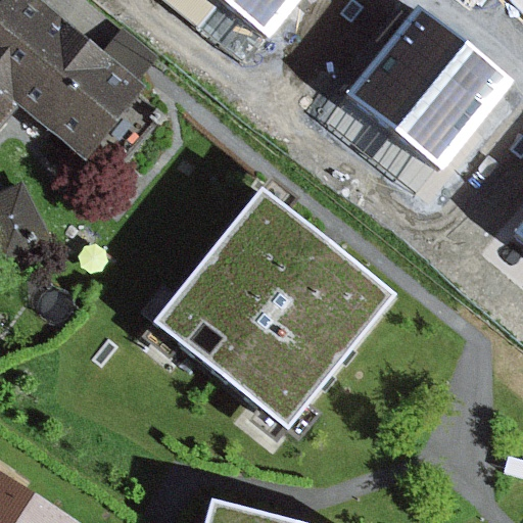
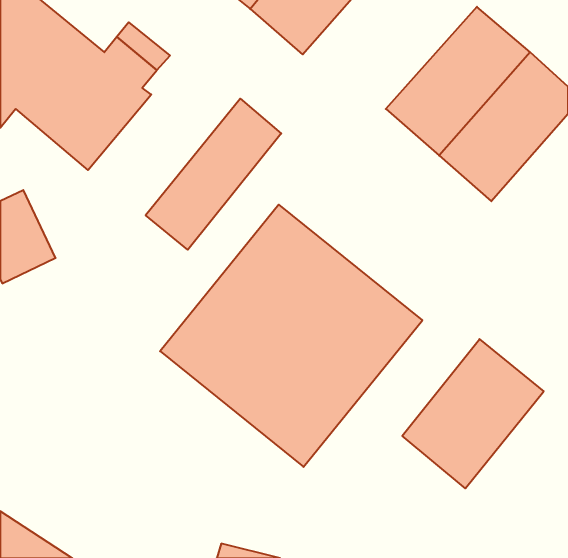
building: none -> [146,99,281,250]
building: none -> [402,339,544,488]

